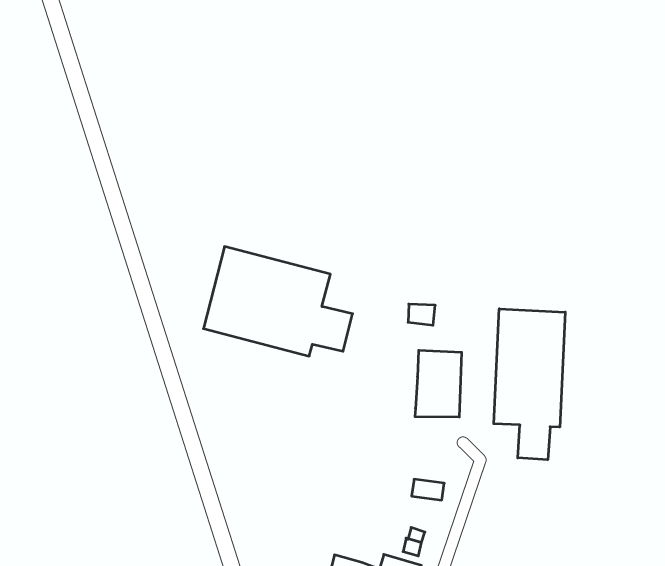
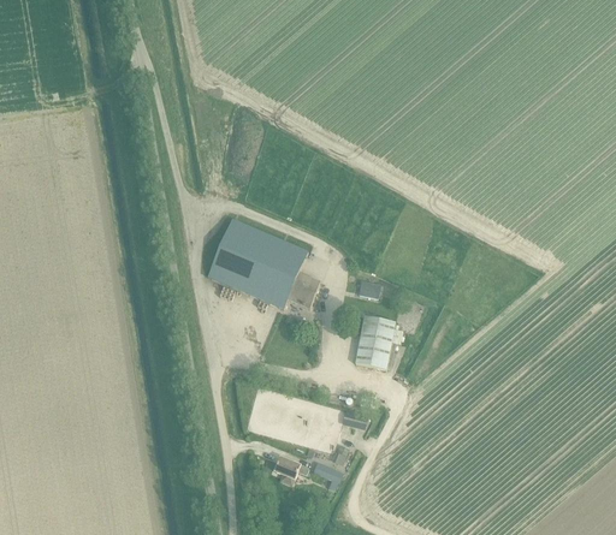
building: [494,309,565,460] -> none

